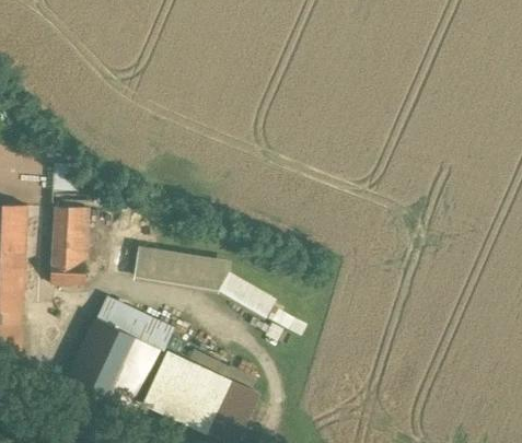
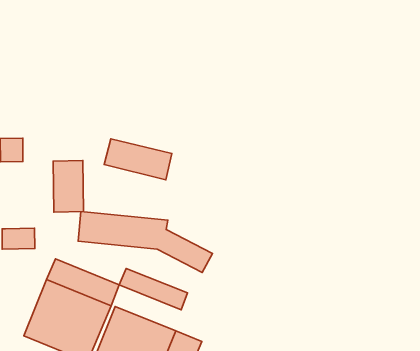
building: none -> [104,139,172,180]
building: [54,206,88,261] -> [53,161,83,212]
building: none -> [119,268,188,310]

